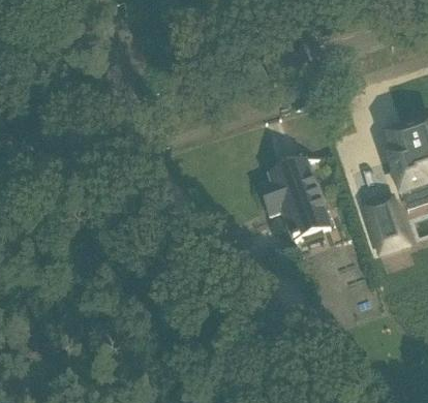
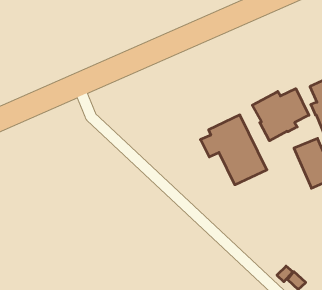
building: none -> [252,89,309,141]

